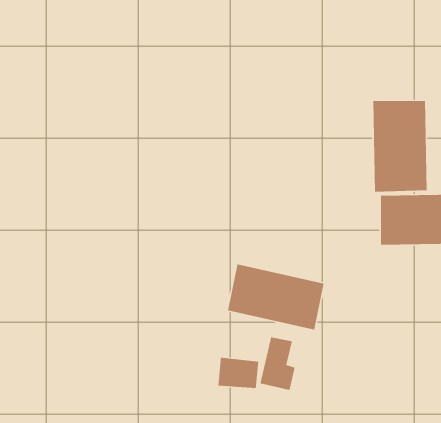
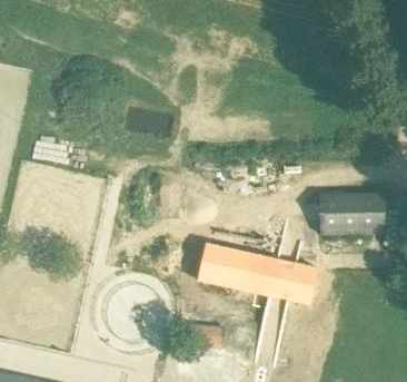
building: [373,100,427,193] -> none
building: [259,337,296,391] -> [285,263,314,306]

